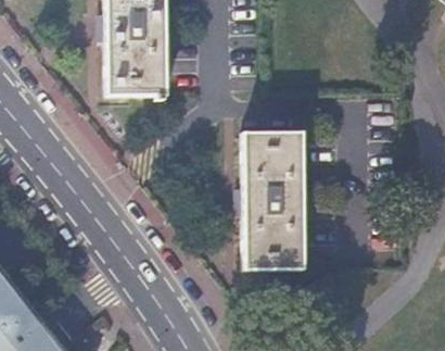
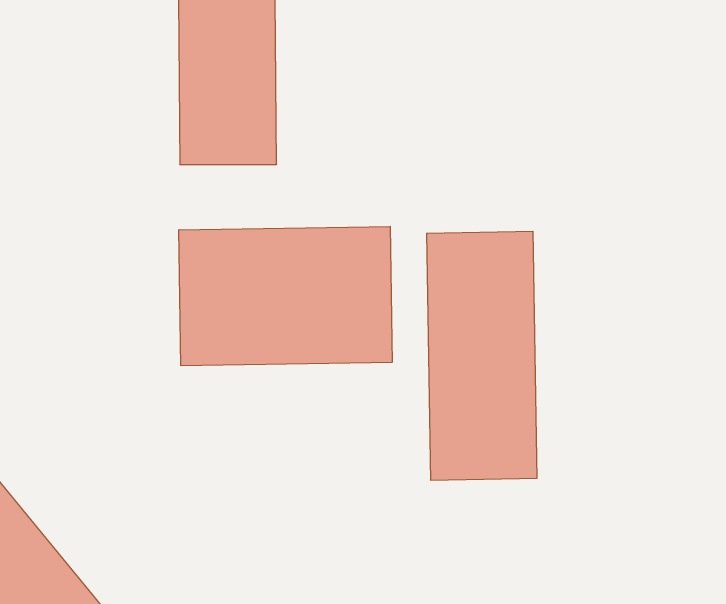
building: none -> [179,226,392,366]

